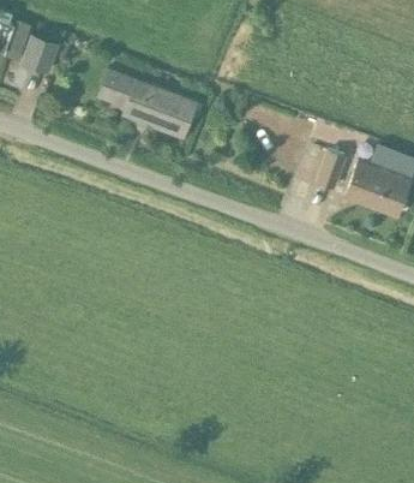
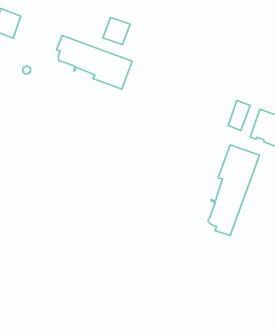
building: none -> [103,17,130,44]
building: none -> [208,145,259,236]

